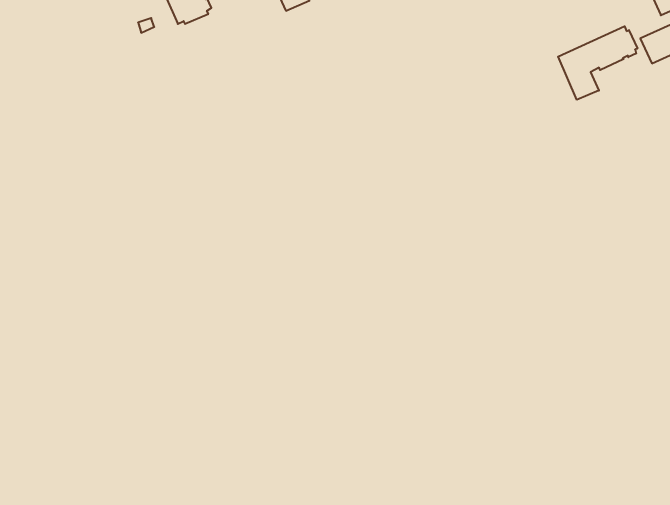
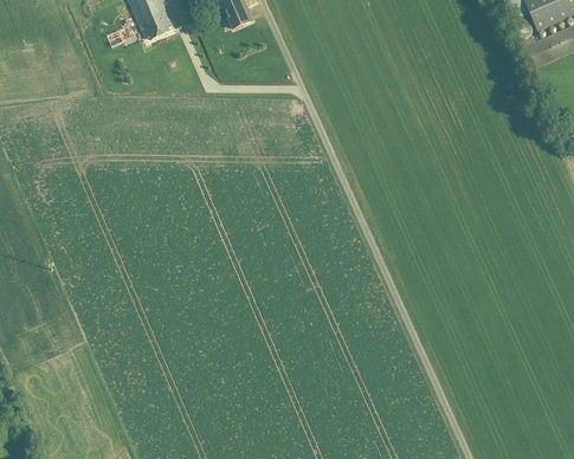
building: [558,26,637,100] -> none

